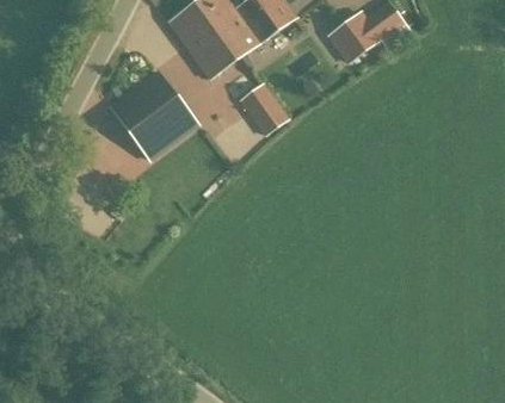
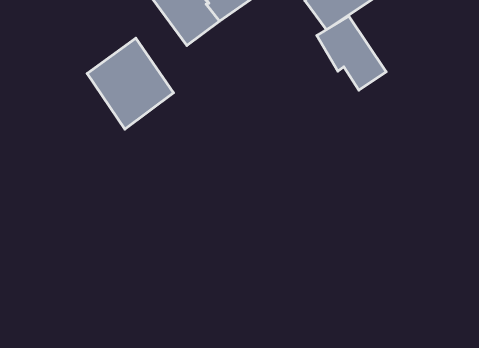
building: none -> [317,16,386,90]
building: [239,82,289,136] -> none

